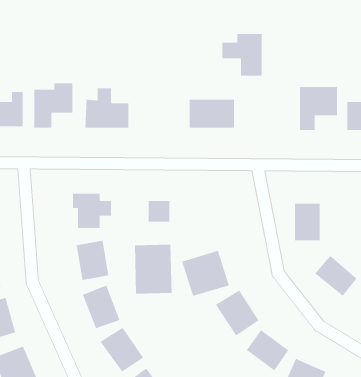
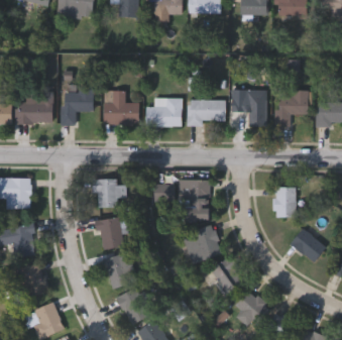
building: [222,33,263,77] -> [232,92,265,127]
building: none -> [146,99,183,127]
building: [134,244,173,295] -> [180,179,211,220]

